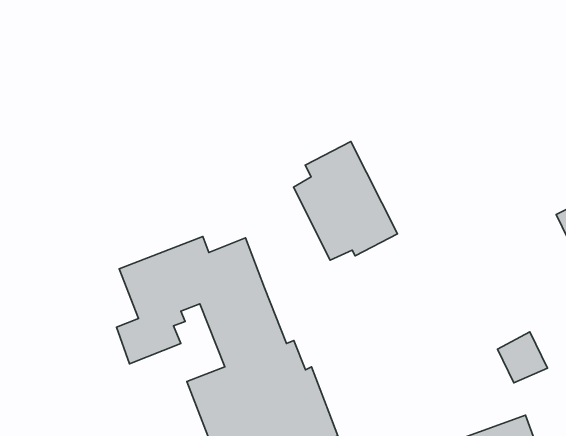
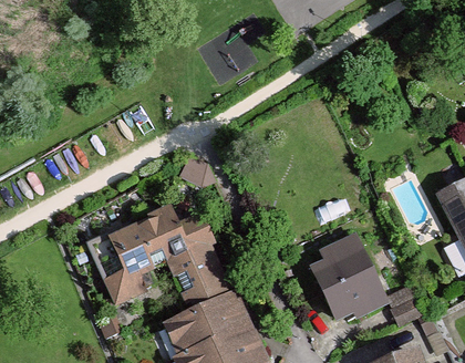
building: [293,142,398,260] -> [310,232,389,322]

